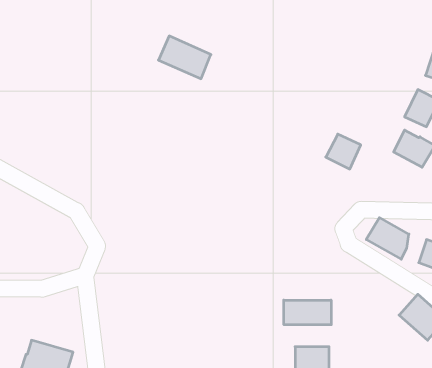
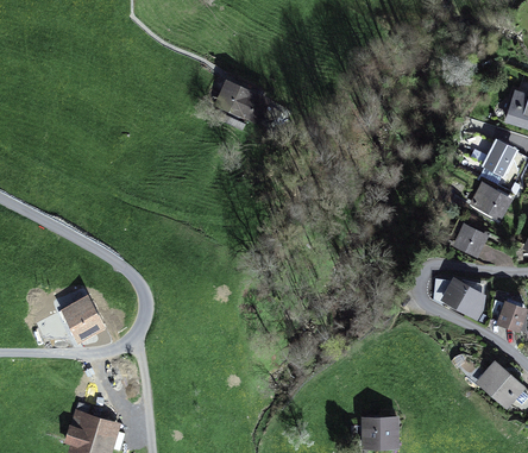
building: [326,134,361,169] -> [452,221,490,259]
building: none -> [63,296,105,340]
building: [284,300,331,325] -> none

